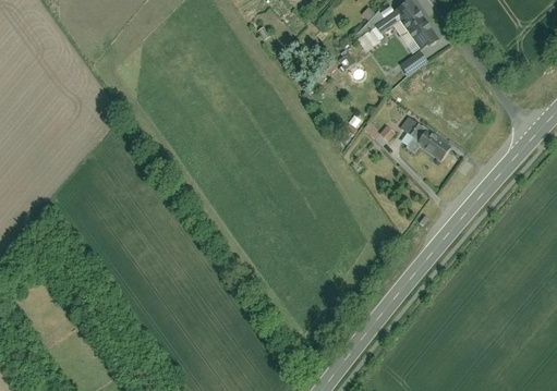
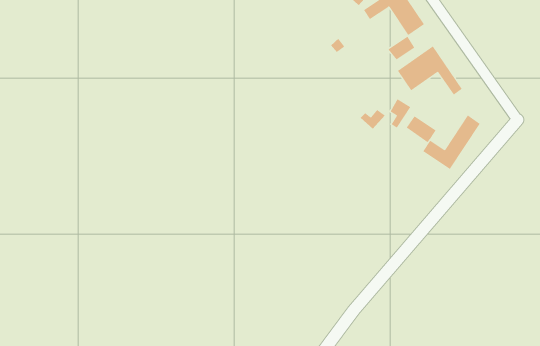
building: none -> [397,46,463,95]
building: none -> [423,115,481,170]

